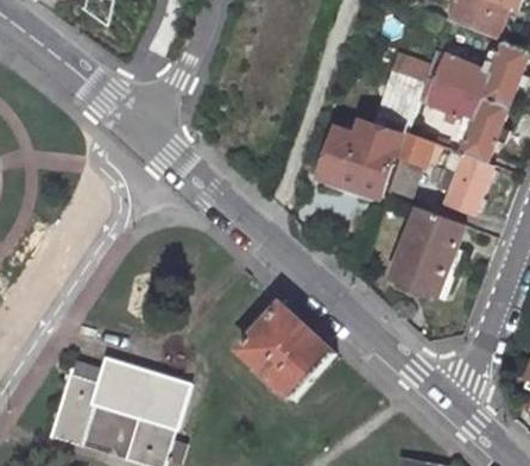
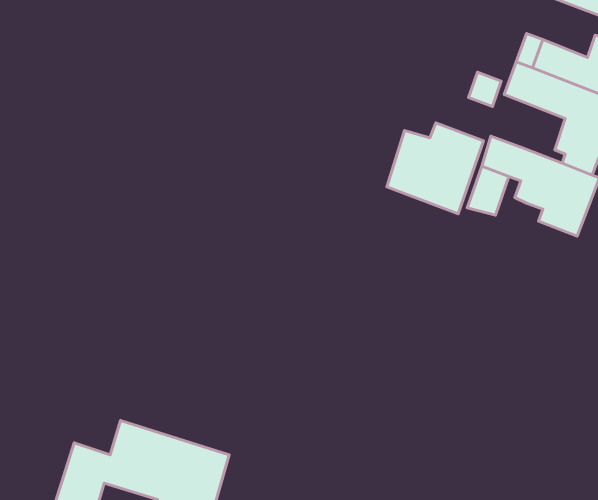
building: [391,206,465,291] -> none
building: [234,301,332,398] -> none

